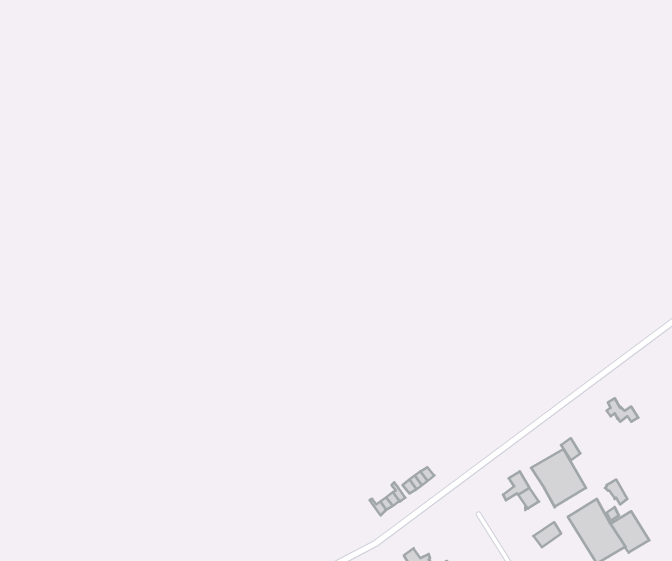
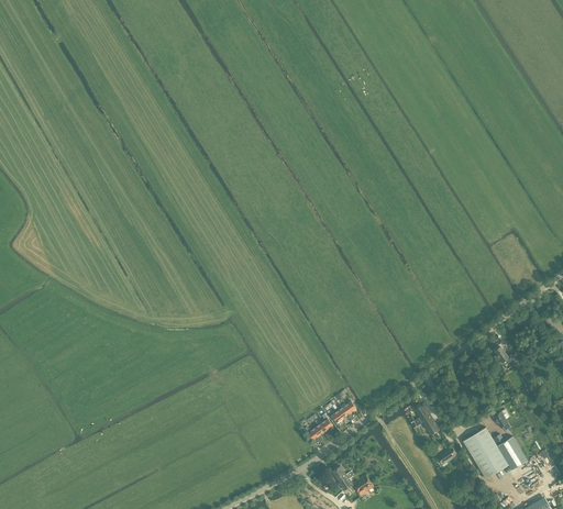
building: [531,449,586,507] -> none

